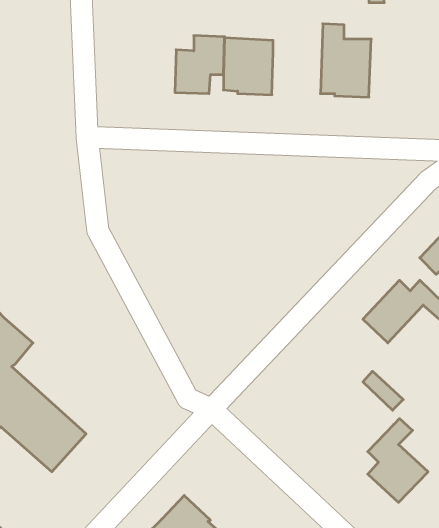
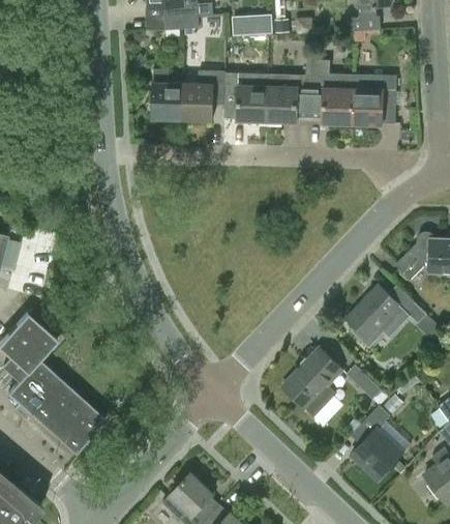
building: none -> [267,60,311,123]
building: none -> [152,69,183,120]
building: none -> [352,74,396,125]
building: none -> [282,348,342,416]

